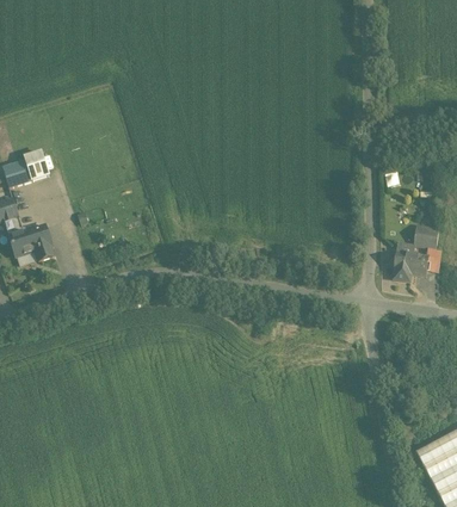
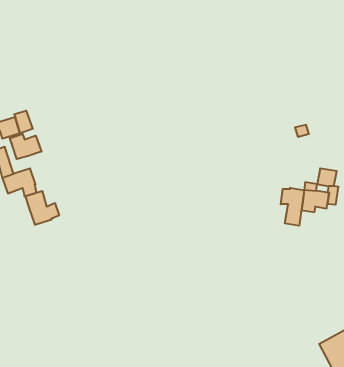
building: none -> [10,134,41,159]
building: none -> [281,188,304,226]
building: none -> [25,191,59,225]

